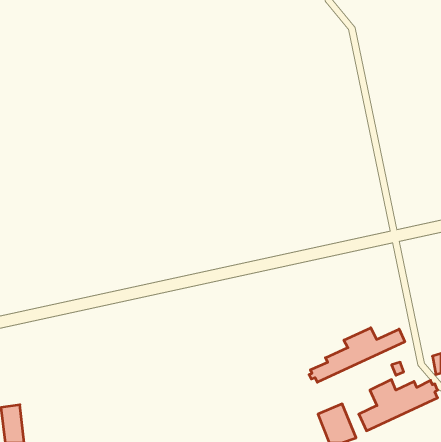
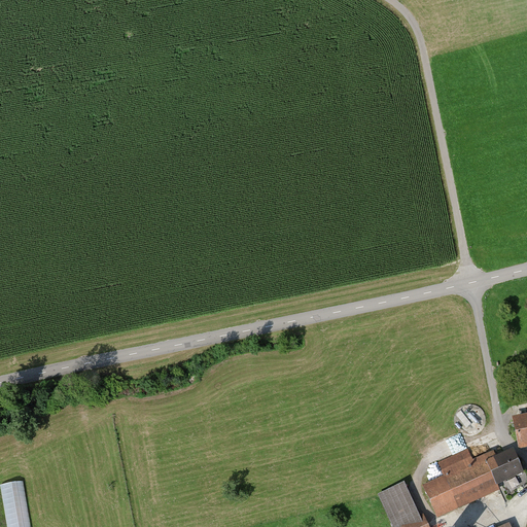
building: [309,328,405,382] -> none

